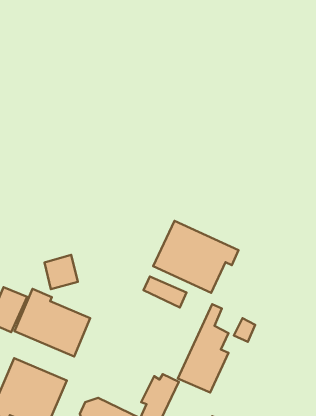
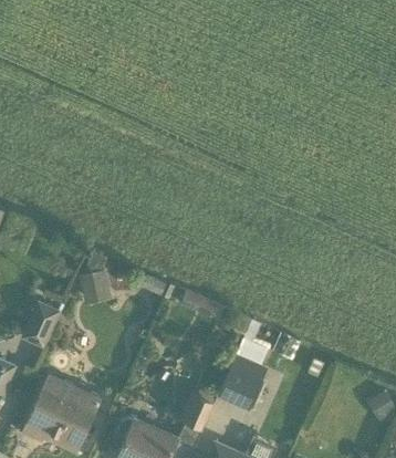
building: [153,221,239,293] -> none
building: [14,289,90,357] -> none

